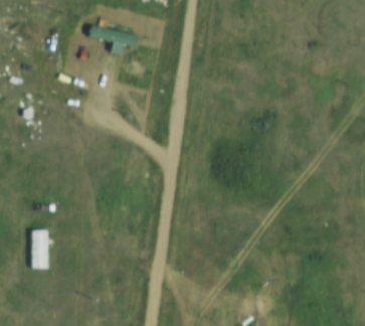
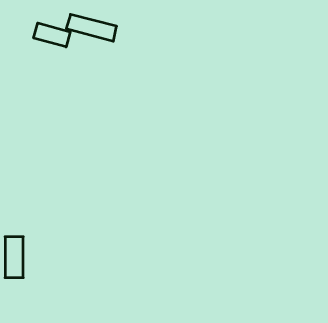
building: none -> [34,23,70,47]

